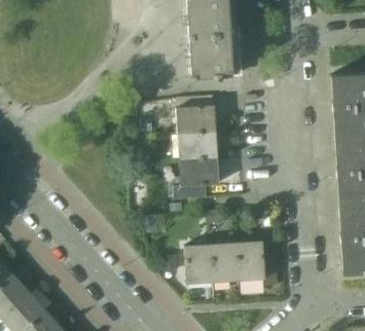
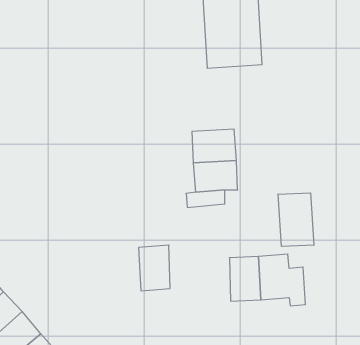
building: [178,107,217,134] -> none
building: none -> [278,193,314,246]
building: [186,245,214,285] -> [139,245,170,291]

